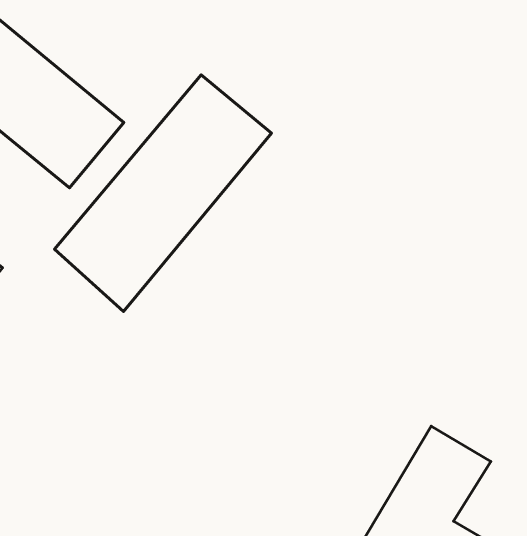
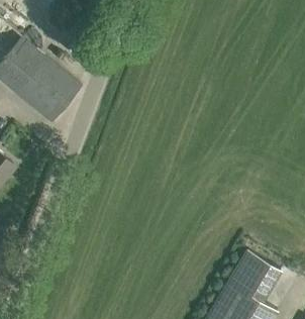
building: [54,75,271,312] -> none

